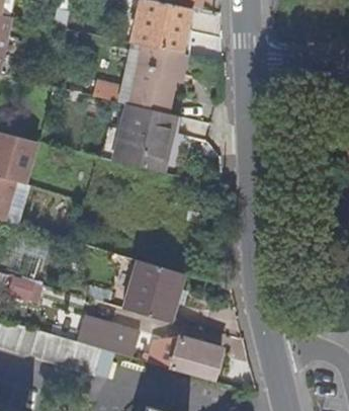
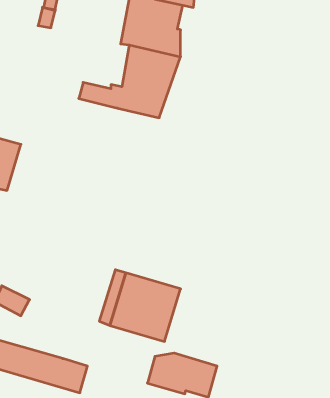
building: [102,105,186,172] -> none
building: [77,318,140,358] -> none

